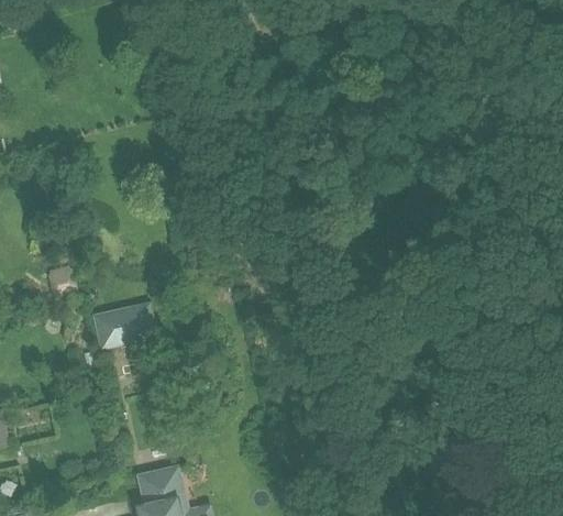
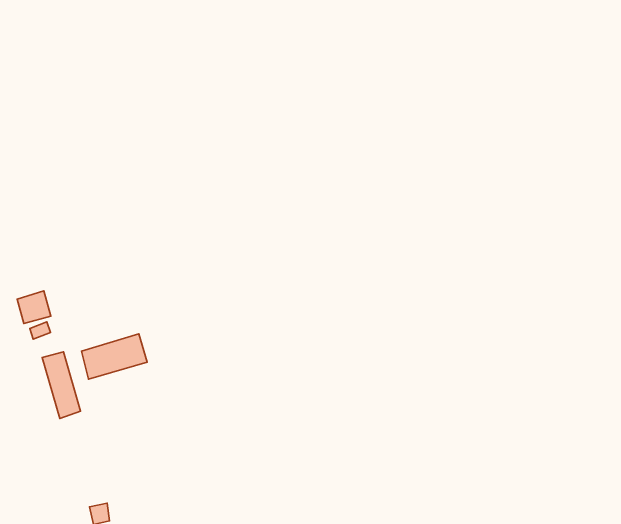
building: none -> [42,352,81,418]

